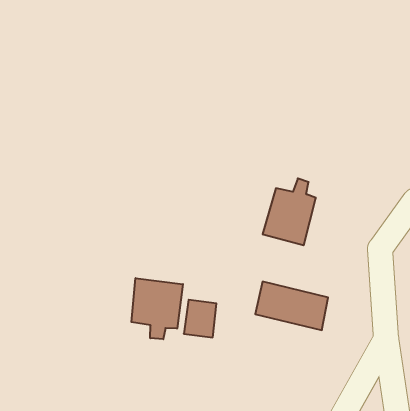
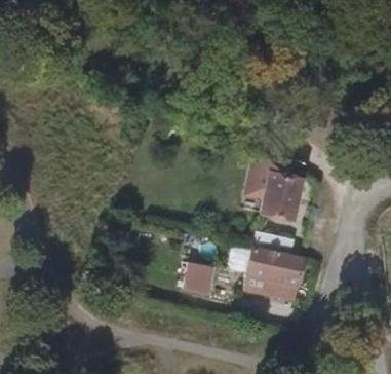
building: [131,278,183,339] -> none

